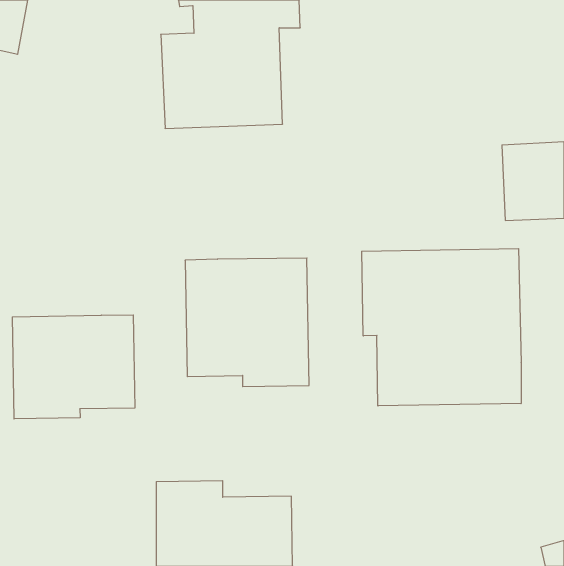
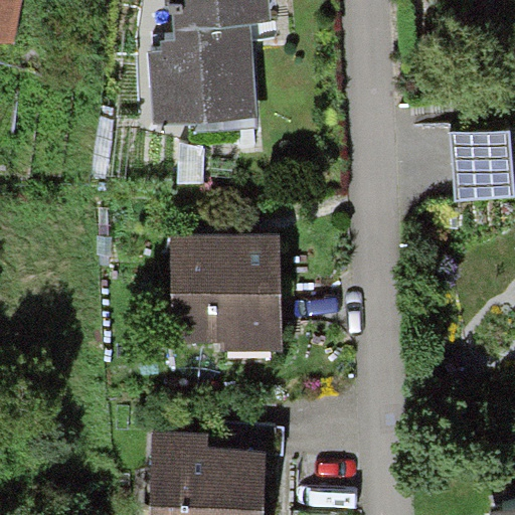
building: [362,249,521,406] -> none
building: [12,315,135,419] -> none

